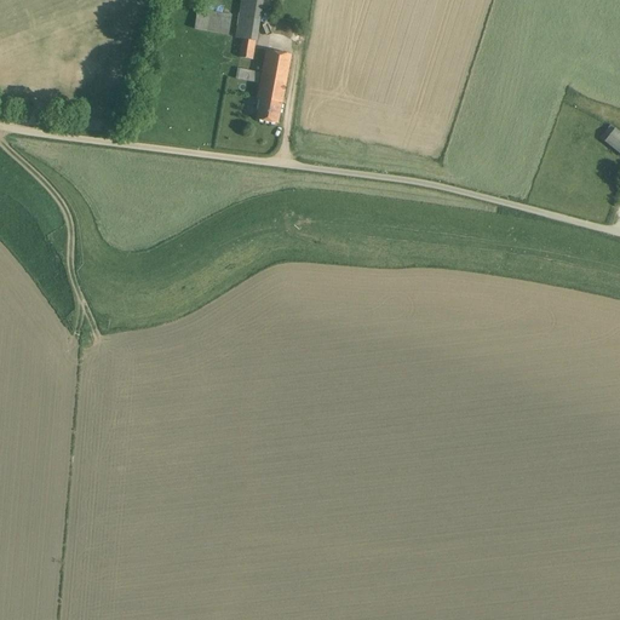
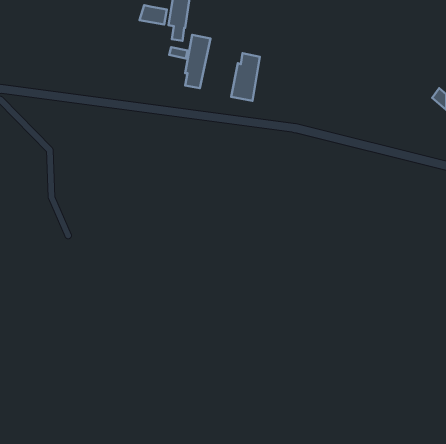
building: none -> [231,53,260,101]

